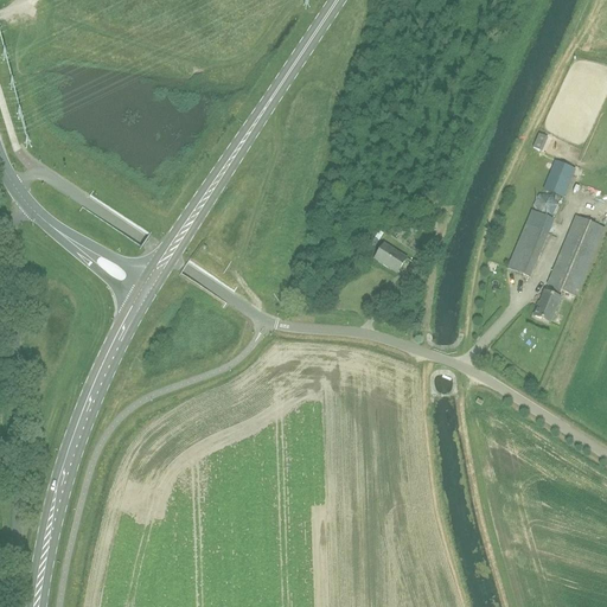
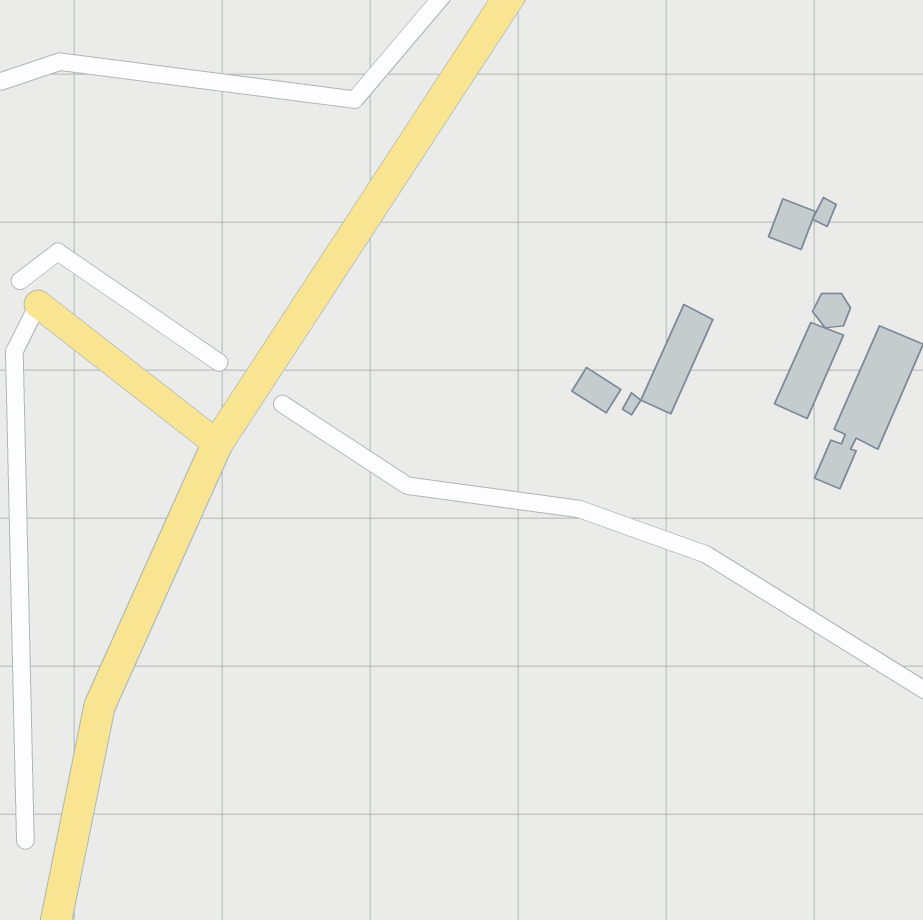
building: [545,161,576,194] -> [768,199,816,249]
building: none -> [641,304,713,414]

